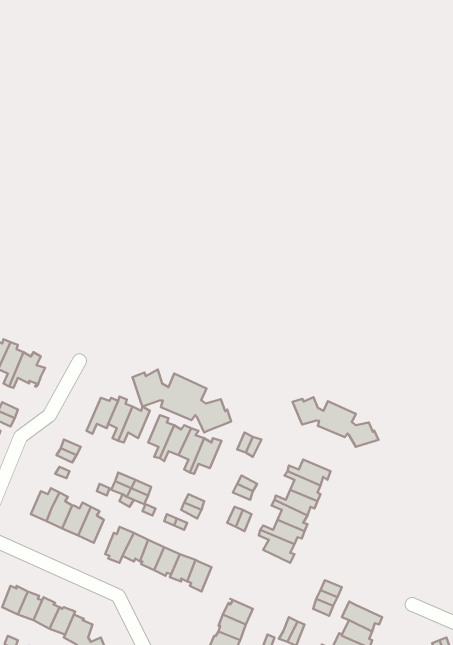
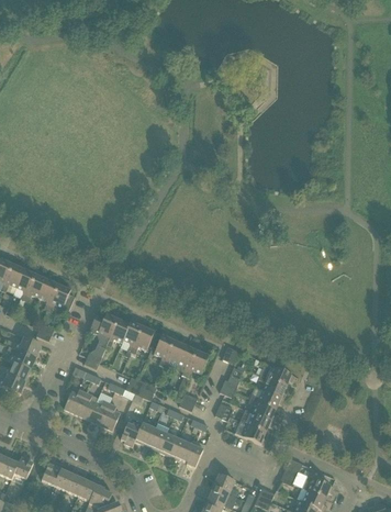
building: [133,370,231,432] -> none
building: none -> [89,311,118,348]
building: [292,397,379,447] -> none

